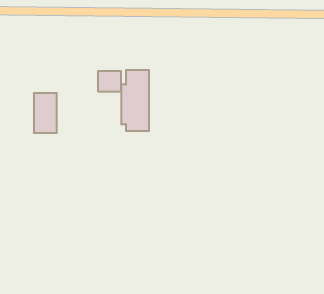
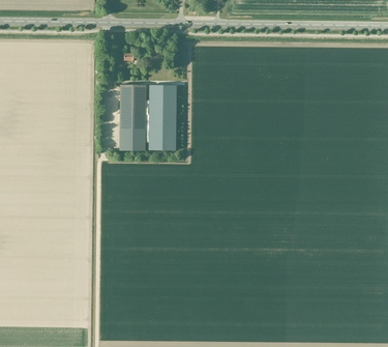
building: [34,93,57,133] -> [121,107,146,149]

